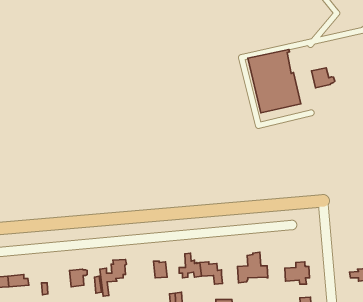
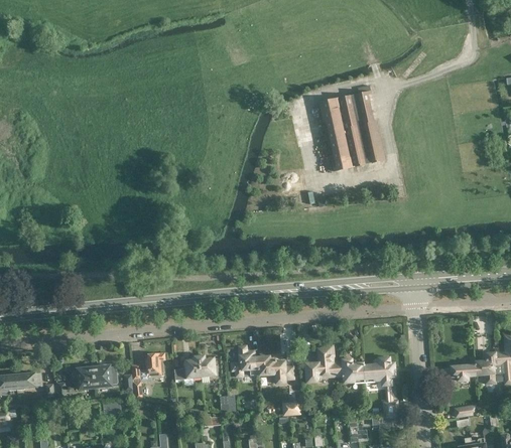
building: [311,68,335,88] -> none
building: none -> [175,355,203,380]
building: none -> [343,358,367,383]
building: none -> [73,367,97,389]

